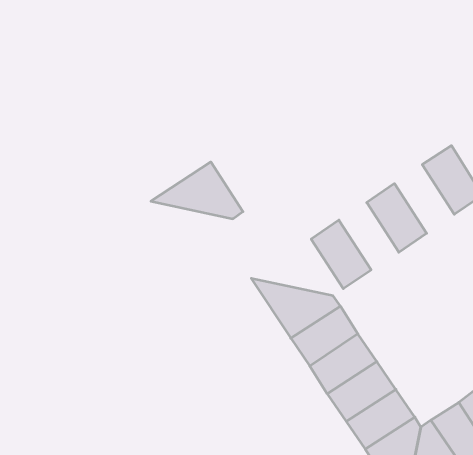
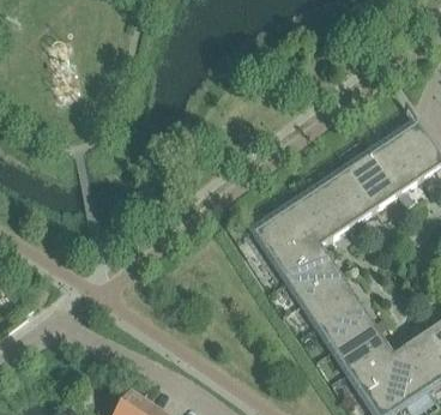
building: [151,162,243,219] -> [253,198,328,245]
building: none -> [370,137,419,193]
building: none -> [325,168,374,223]

